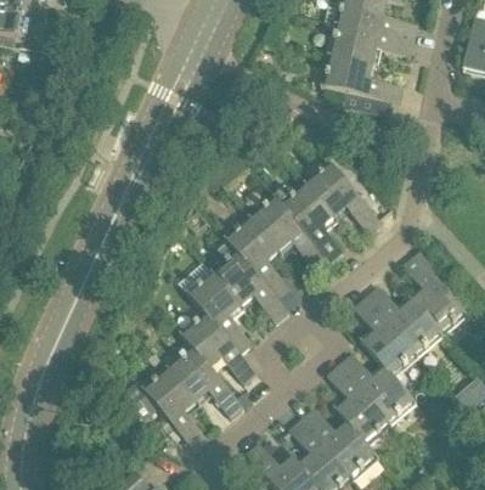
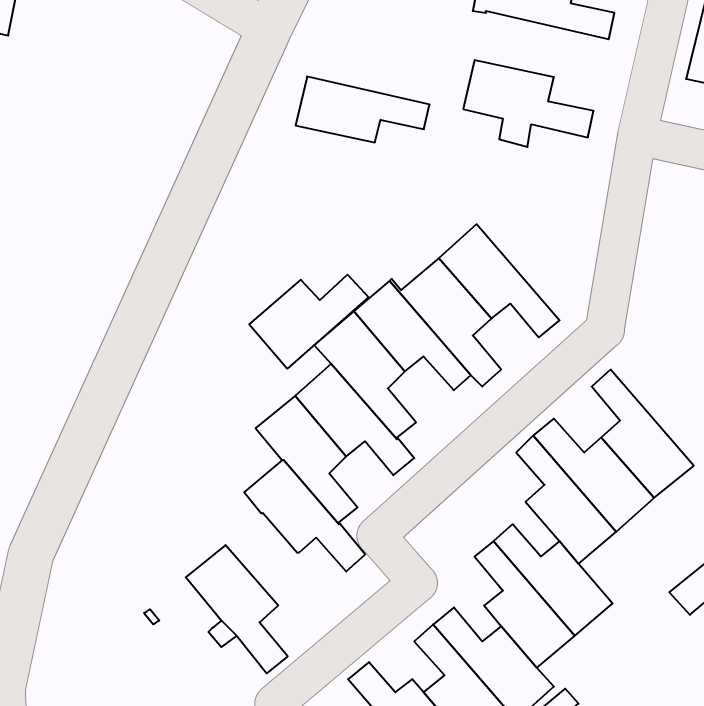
building: [327,22,413,64] -> [296,76,430,142]
building: none -> [249,275,368,369]
building: [167,345,243,417] -> none

